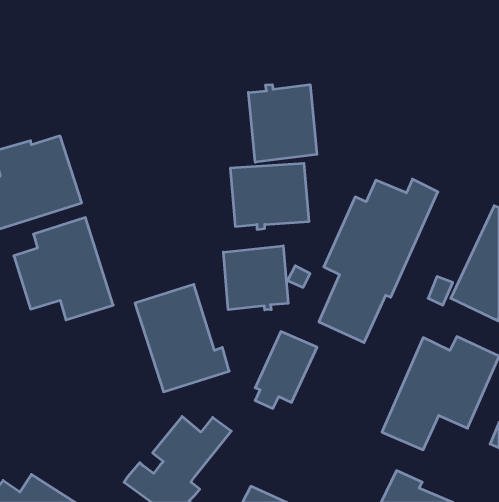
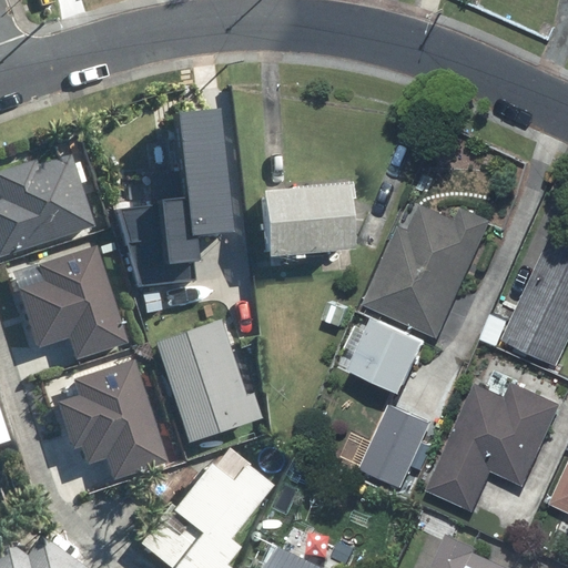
building: [248,85,317,162] -> none
building: none -> [112,112,232,286]
building: [223,246,288,310] -> none
building: none -> [54,361,170,476]
building: [255,332,317,408] -> [363,404,433,490]

